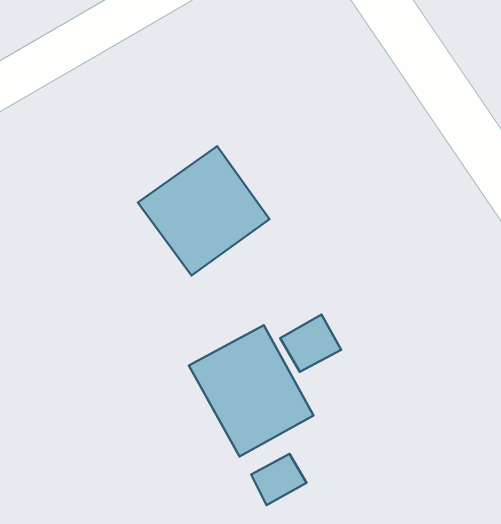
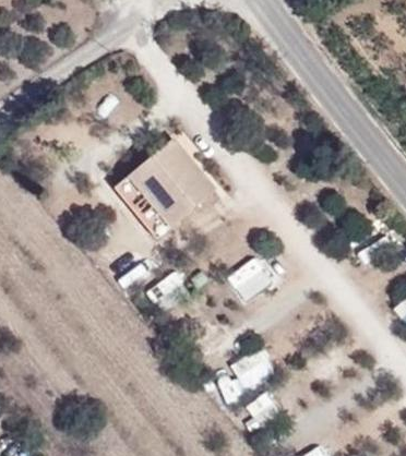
building: [189,325,314,457] -> none

